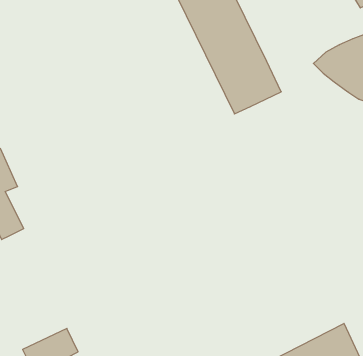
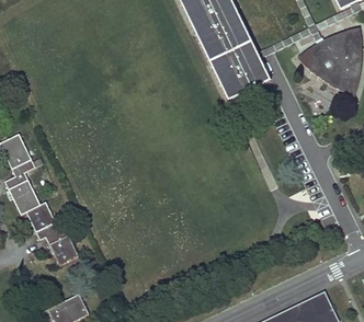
building: none -> [27,203,79,265]

